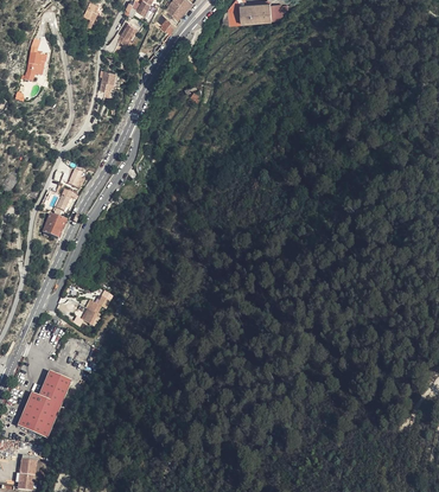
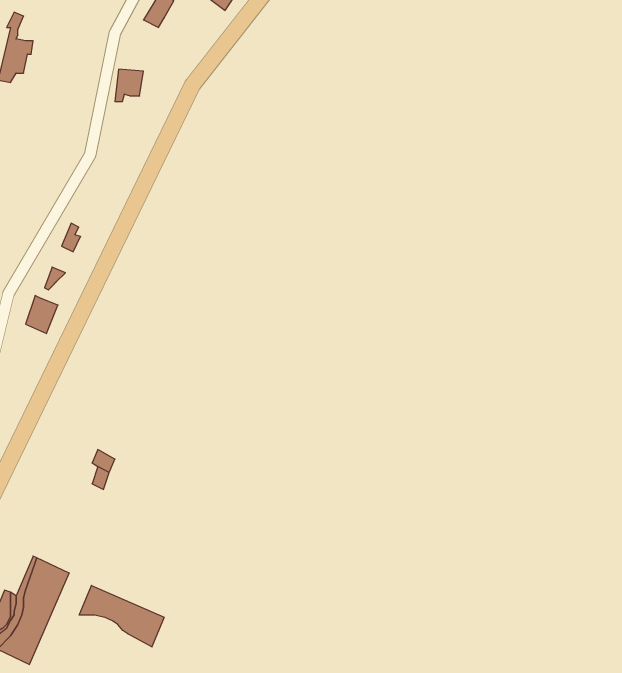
building: none -> [79,585,164,647]

